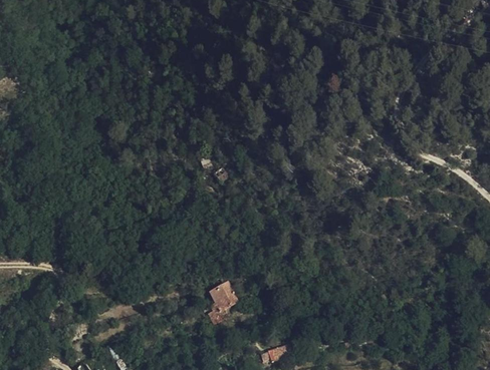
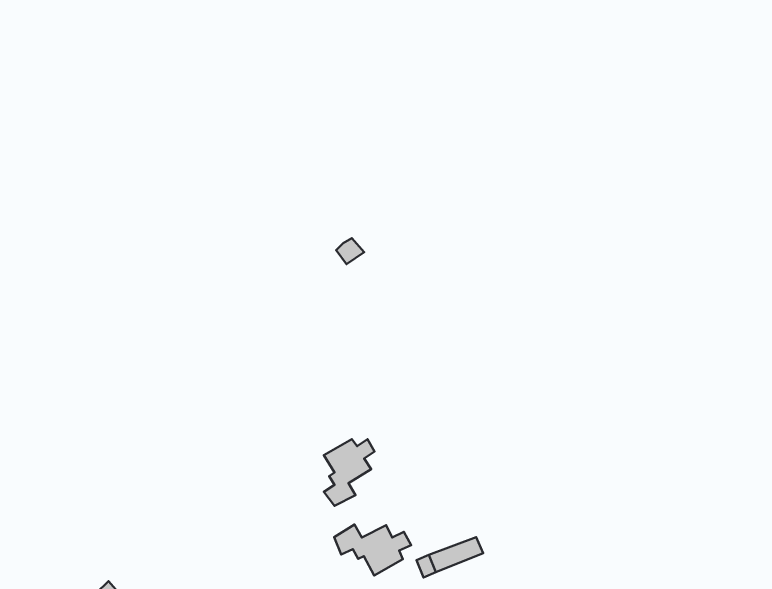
building: none -> [334,524,411,575]

